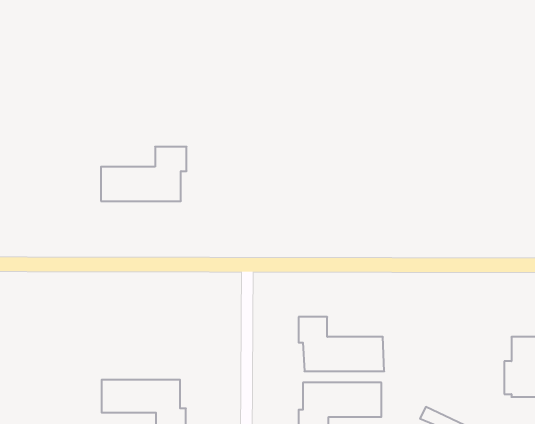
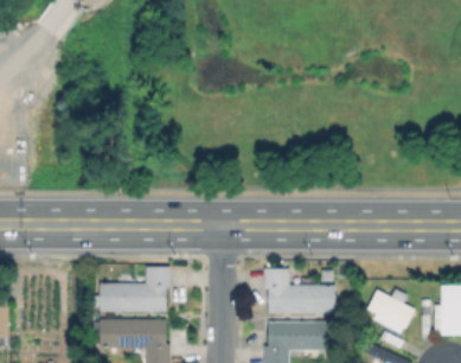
building: [101,147,187,201] -> [100,267,171,312]
building: none -> [367,289,415,333]

